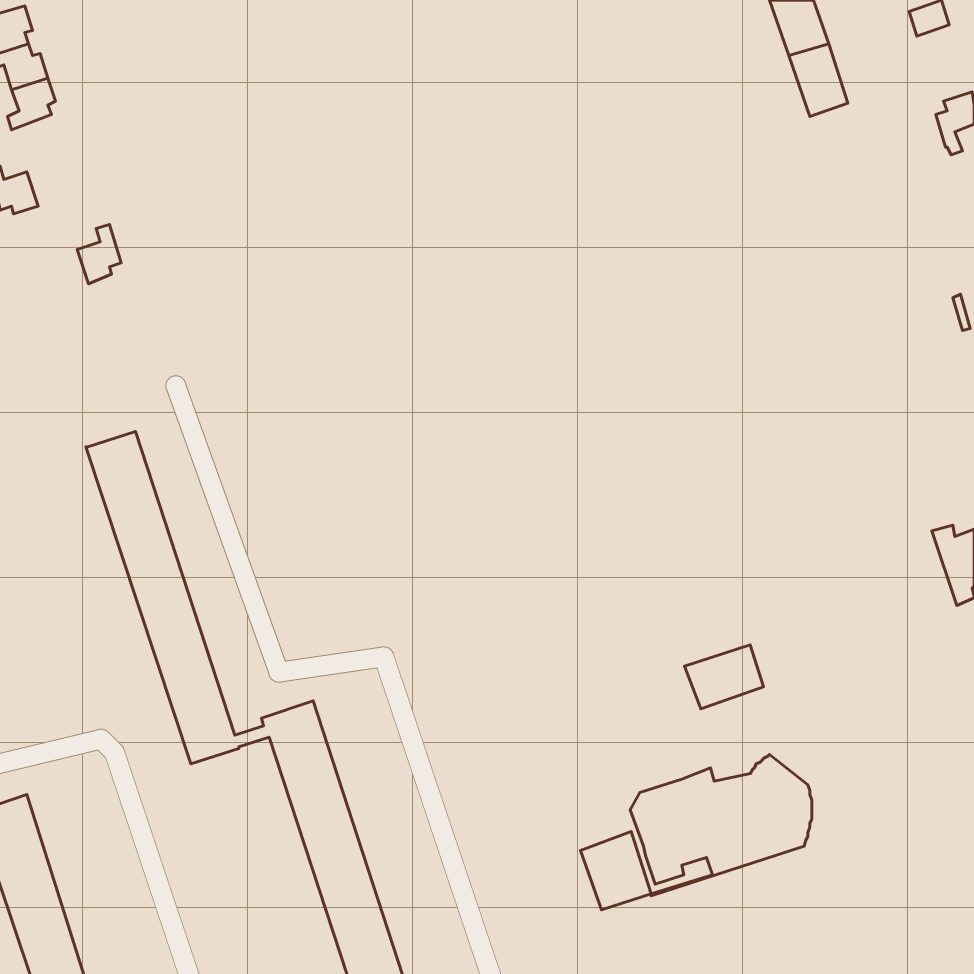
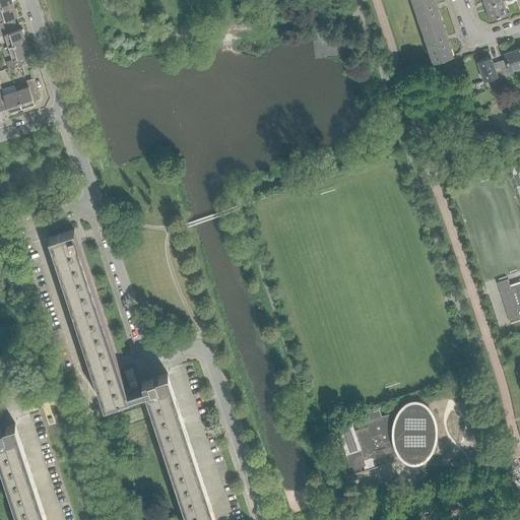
building: none -> [476,59,503,82]
building: [77,225,121,284] -> [14,79,38,111]
building: [684,645,764,709] -> none
building: [581,832,651,910] -> none

